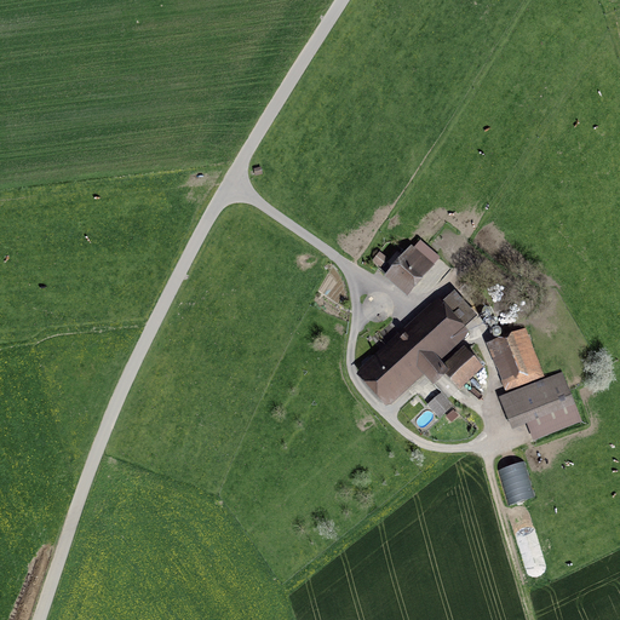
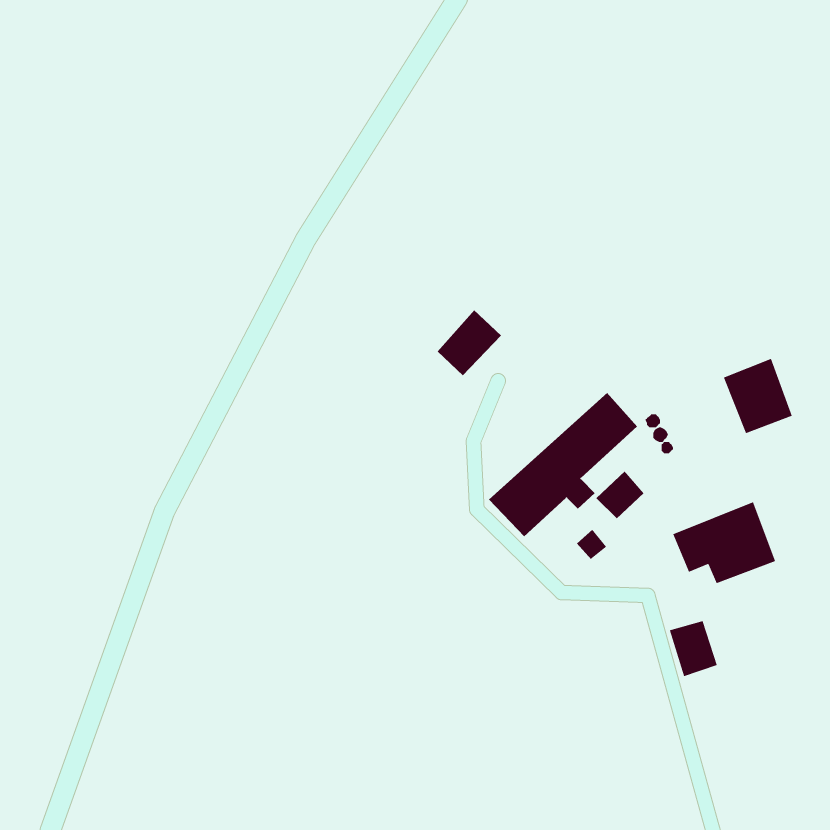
building: [390,240,438,289] -> [437,309,502,376]
building: [489,332,541,389] -> [723,358,793,434]

